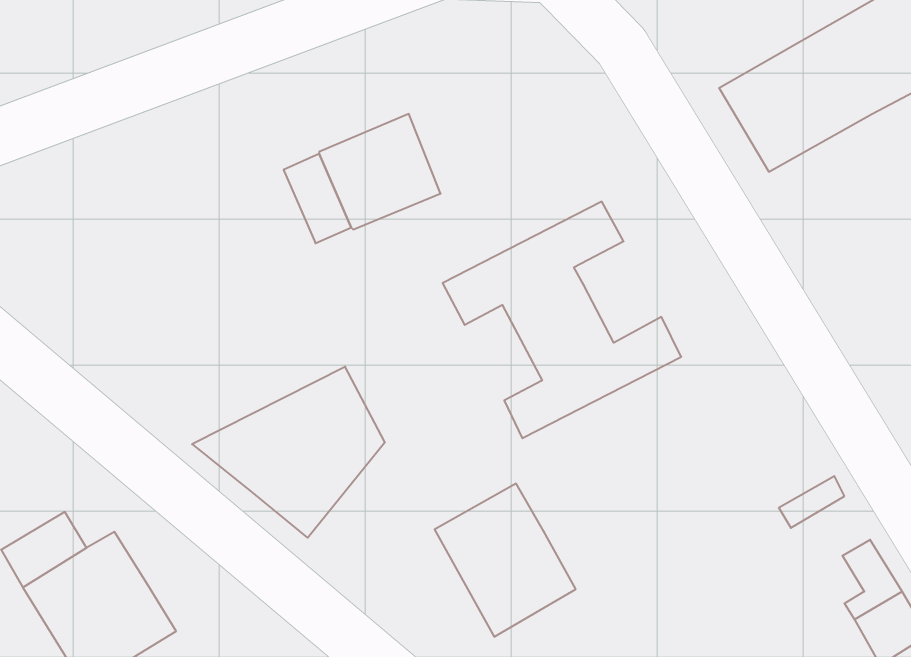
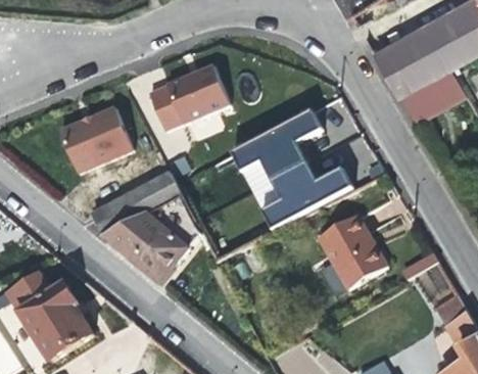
building: none -> [398,66,467,123]
building: none -> [55,104,129,170]
building: none -> [242,165,282,214]
building: none -> [92,175,181,236]
building: [435,484,576,637] -> [318,215,390,293]

